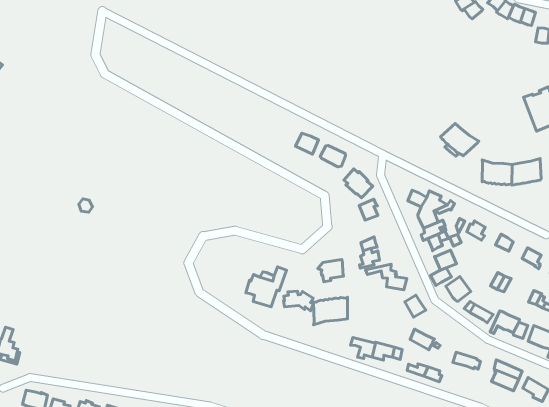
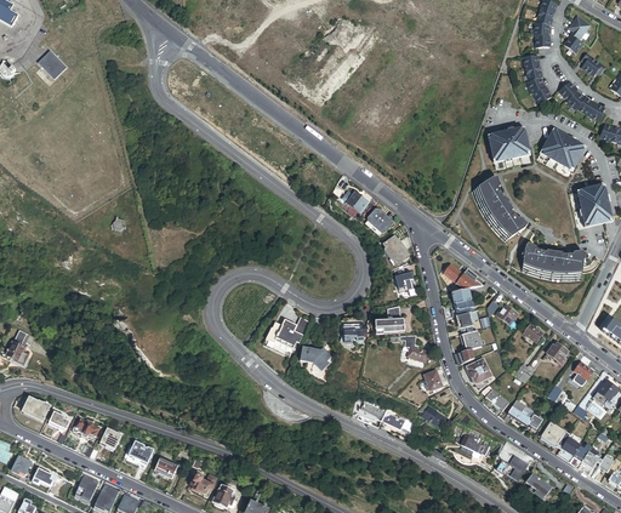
building: none -> [540,129,585,170]
building: none -> [488,127,529,163]
building: none -> [474,177,505,216]
building: [314,297,348,325] -> none

